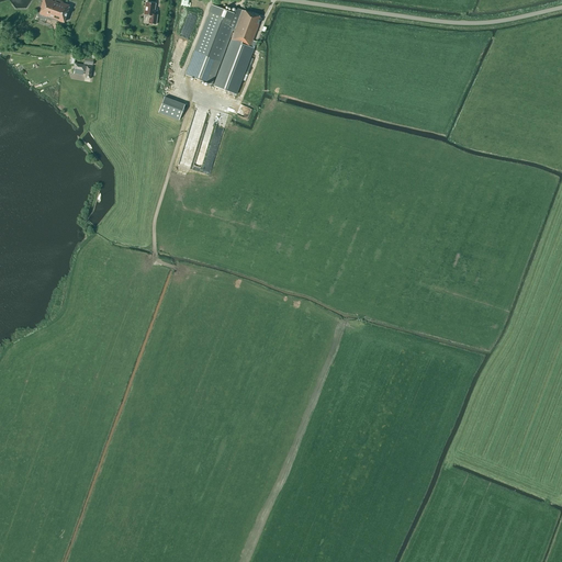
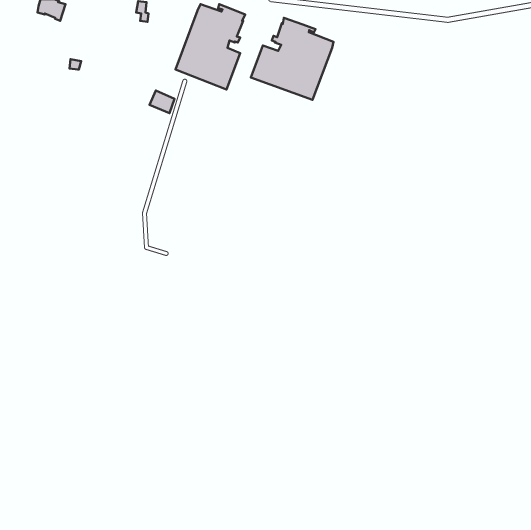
building: none -> [251,18,333,100]

